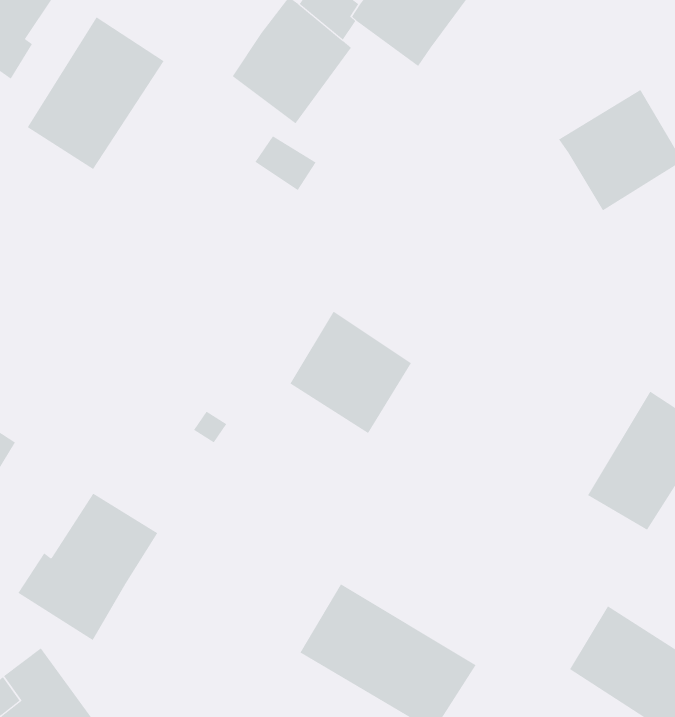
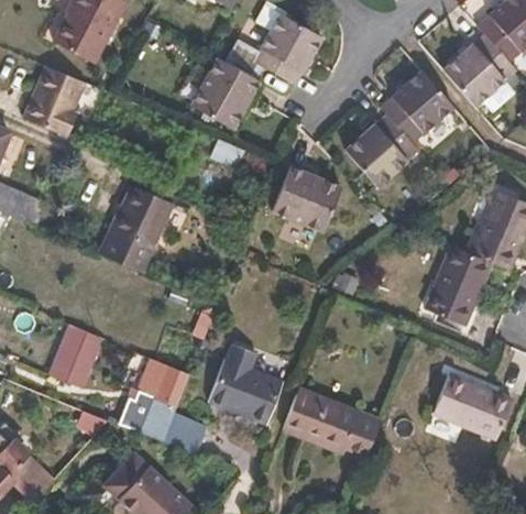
building: [27,16,165,170] -> [100,184,172,271]
building: none -> [346,119,417,190]
building: [290,311,412,434] -> [271,166,338,232]
building: none -> [210,343,282,422]
building: none -> [164,405,209,452]

